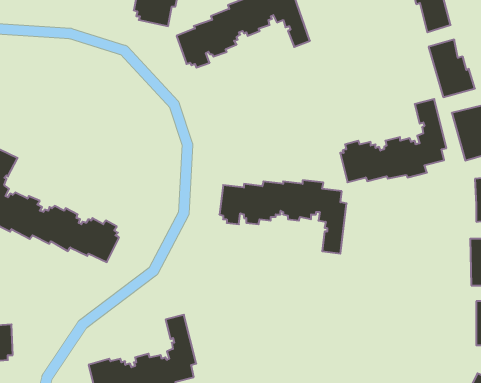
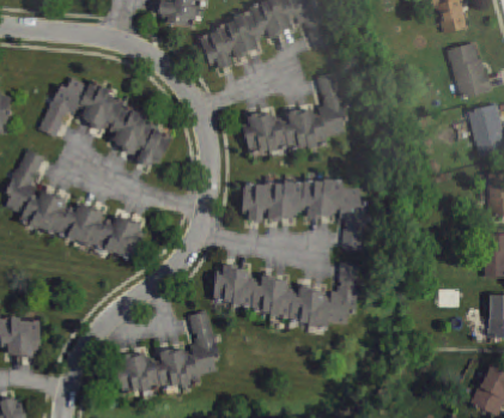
building: none -> [38,78,172,165]
building: [340,99,446,182] -> [243,72,347,153]
building: none -> [214,262,359,327]

